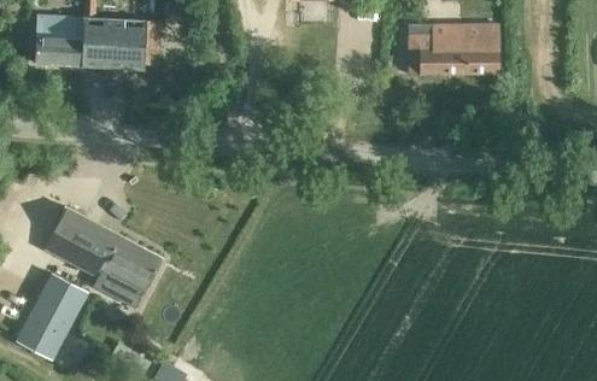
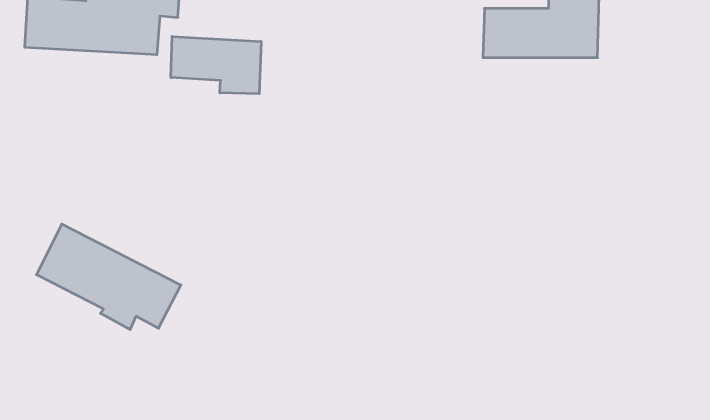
building: none -> [171,36,261,94]
building: [22,268,92,353] -> none

